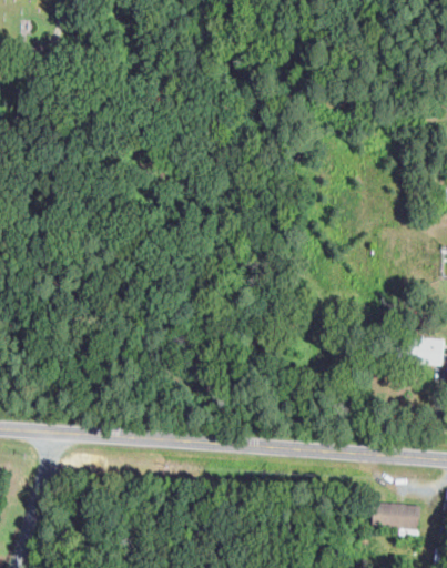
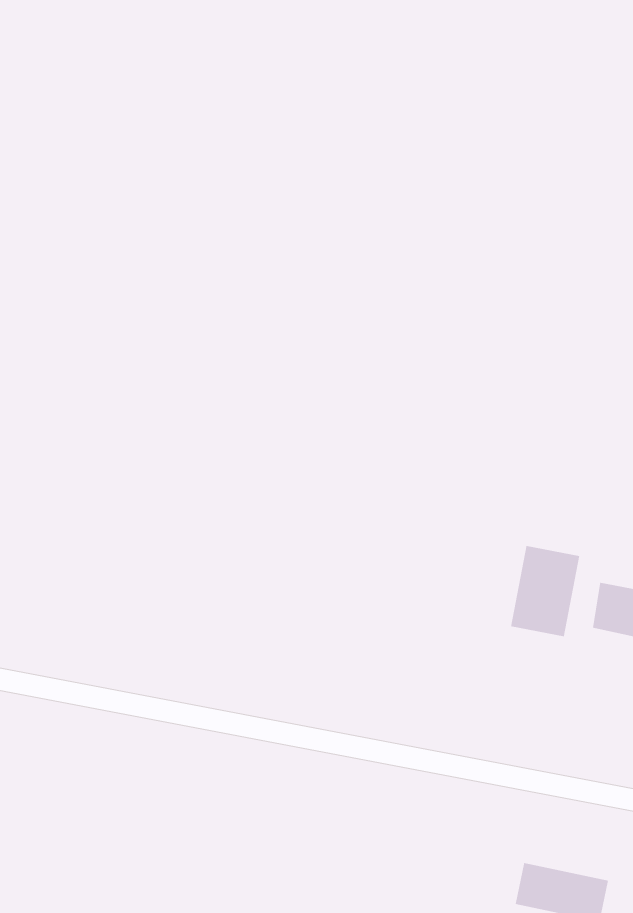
building: none -> [510,545,580,637]

